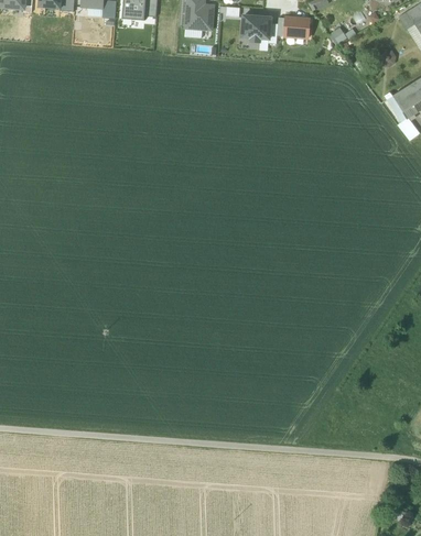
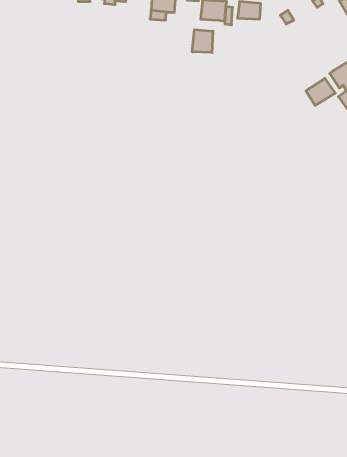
building: none -> [192,30,213,53]
building: none -> [306,78,335,105]

